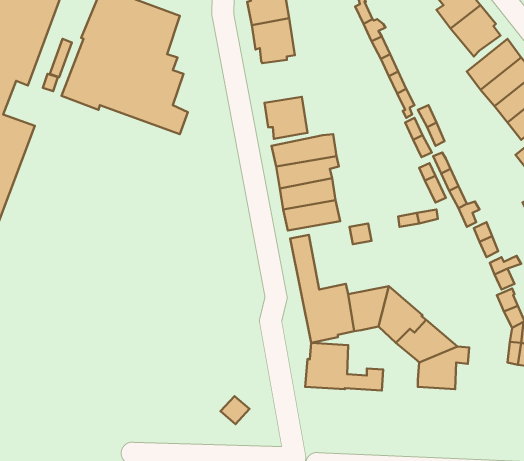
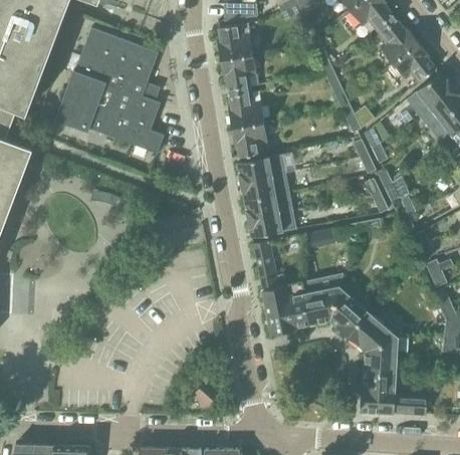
building: none -> [228,89,264,127]
building: [305,343,383,390] -> [360,373,427,414]

